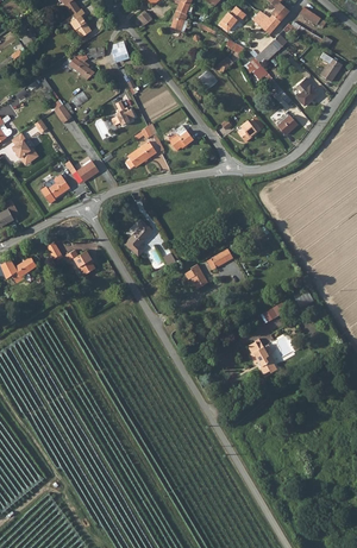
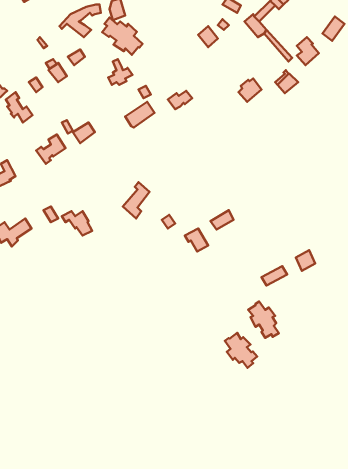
building: none -> [102,18,143,55]
building: none -> [225,333,257,368]

